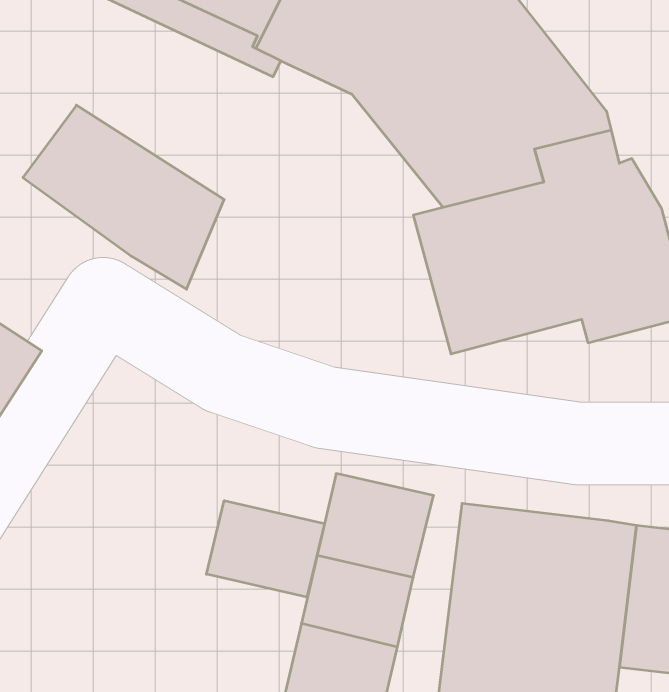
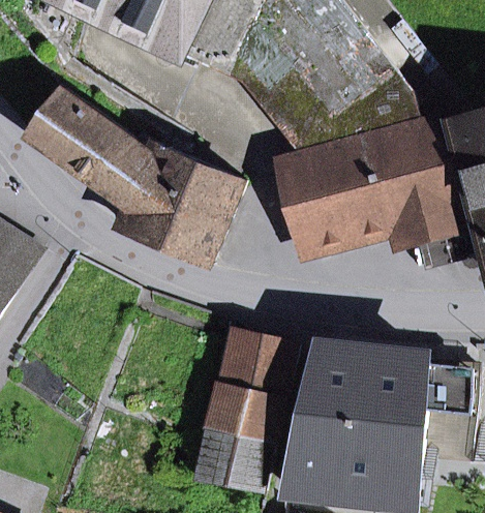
building: none -> [121,146,238,264]
building: [206,501,325,597] -> none

